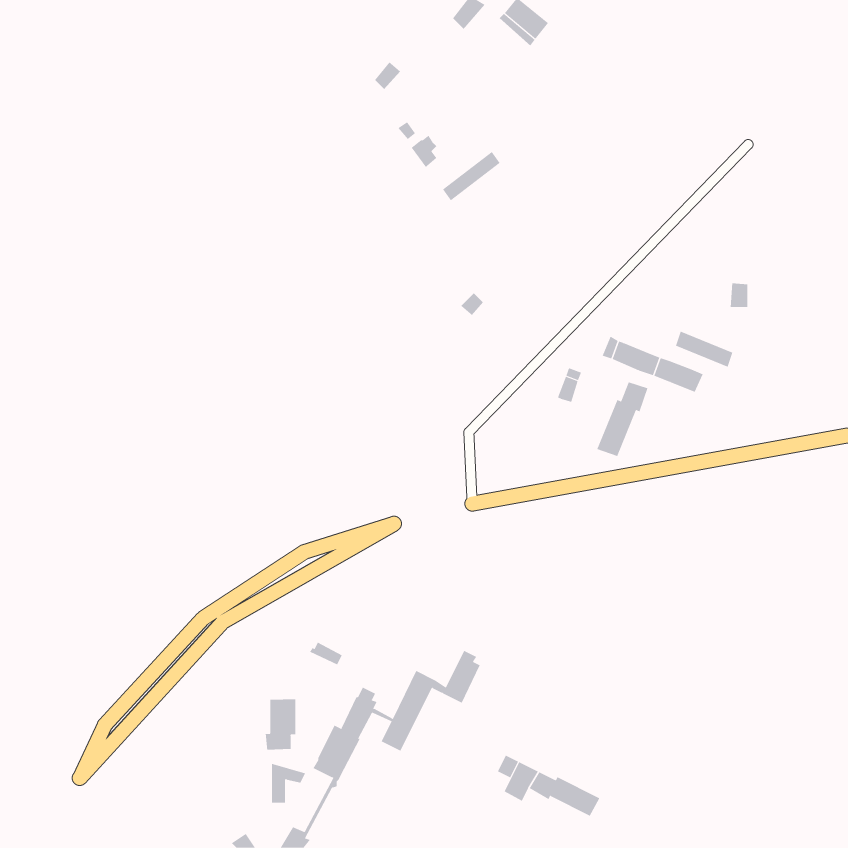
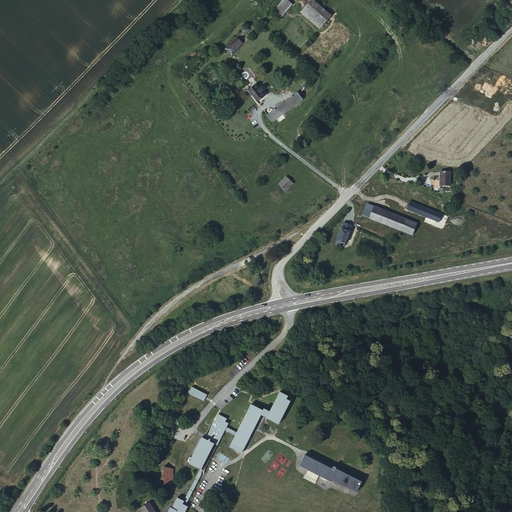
building: [597,382,648,457] -> none
building: [265,699,296,751] -> none

